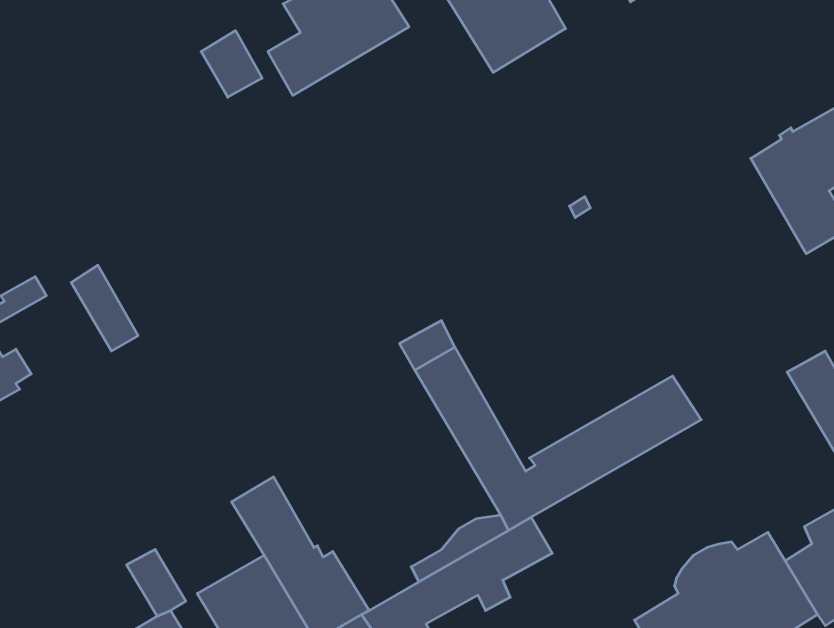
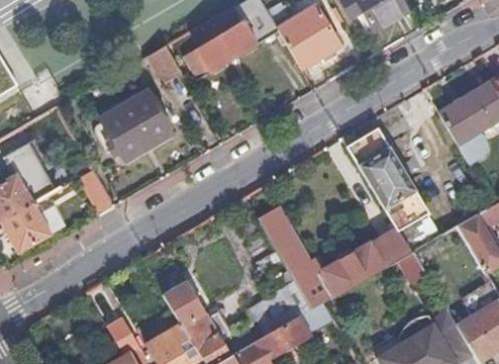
building: none -> [101,83,172,160]
building: none -> [348,128,429,224]

